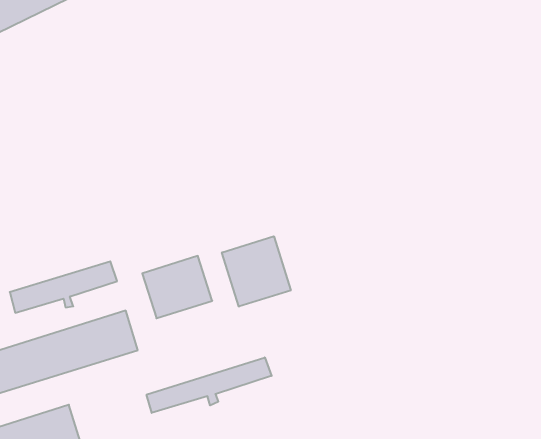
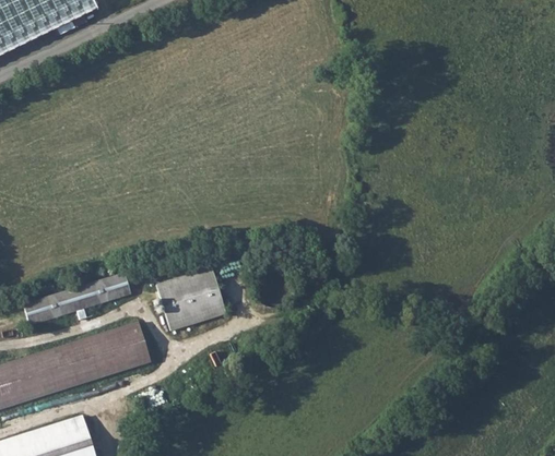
building: [222,236,291,307] -> none
building: [147,357,272,413] -> none

